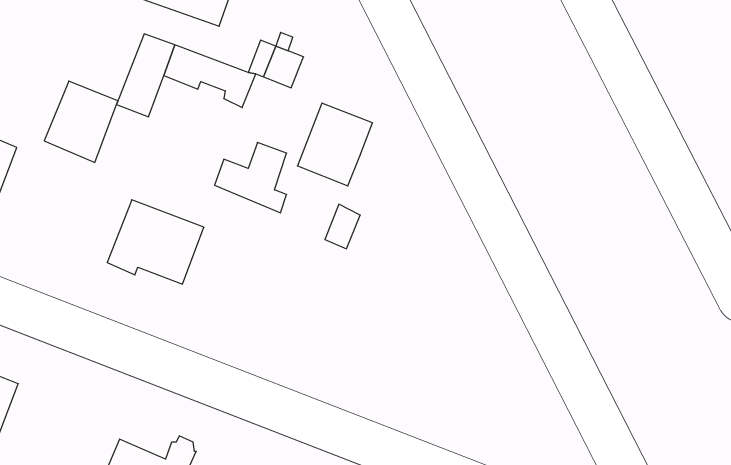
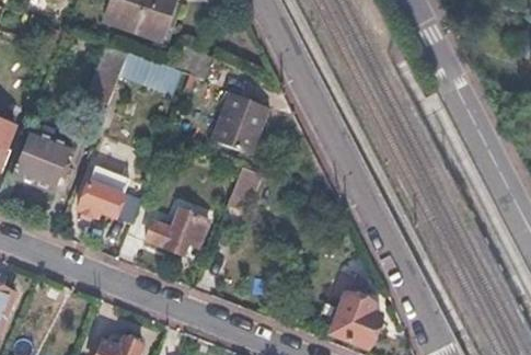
building: [44,81,118,162] -> [15,133,68,191]
building: [215,142,287,213] -> [148,208,199,259]
building: none -> [328,276,377,347]

